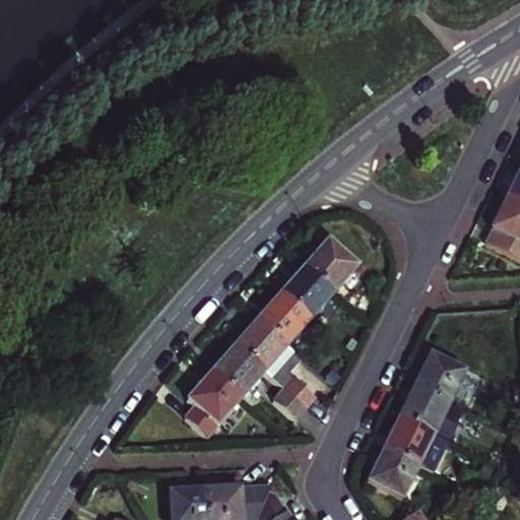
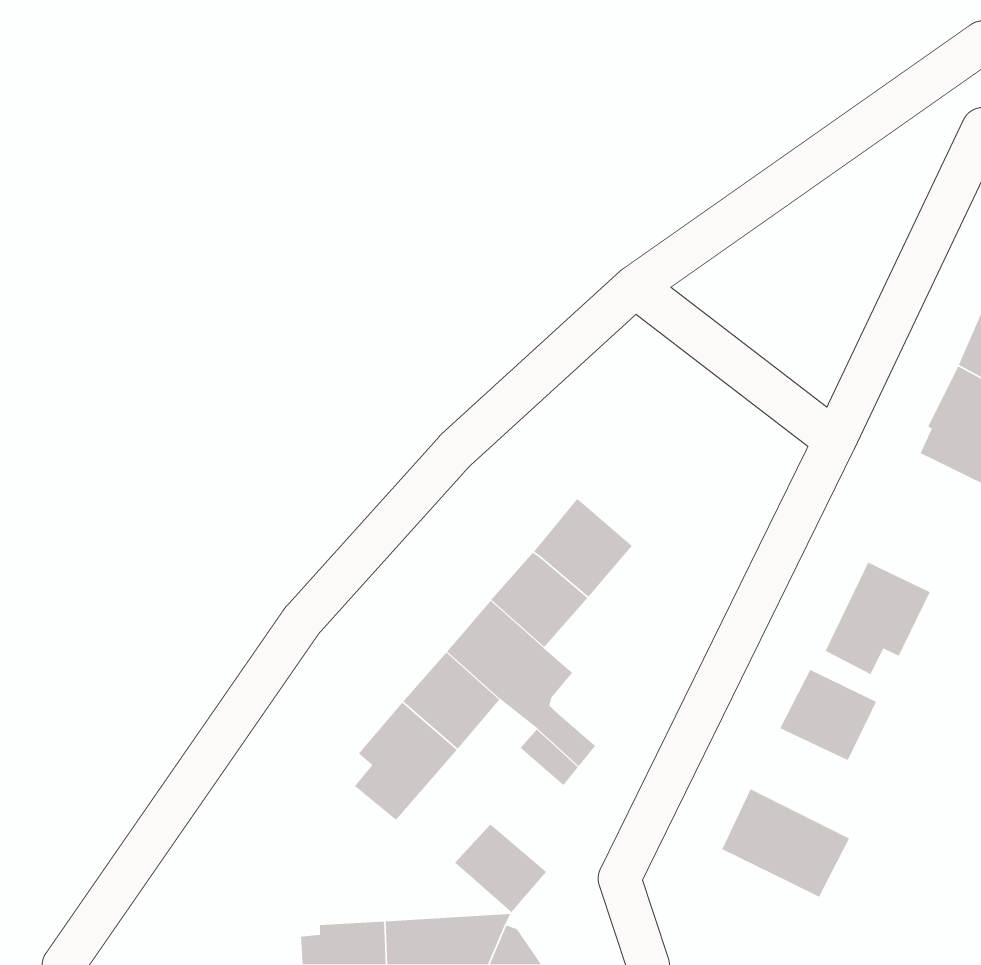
building: [306,238,358,288] -> none
building: none -> [825,562,931,675]
building: [397,385,449,435] -> none
building: none -> [454,823,547,913]
building: [367,449,417,498] -> none

